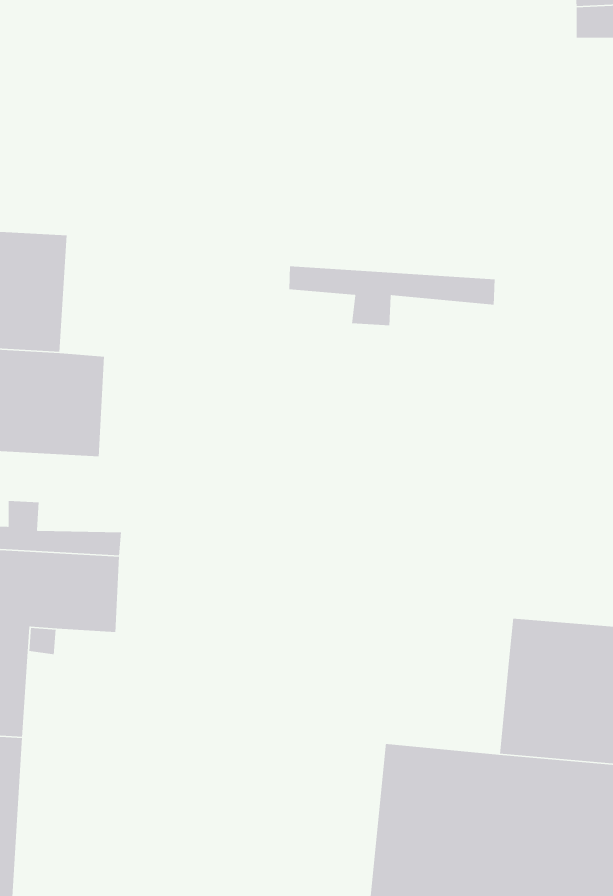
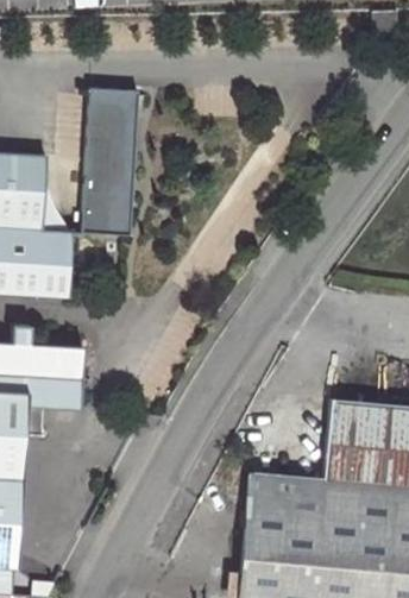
building: none -> [81,88,139,237]
building: [288,265,495,326] -> none

